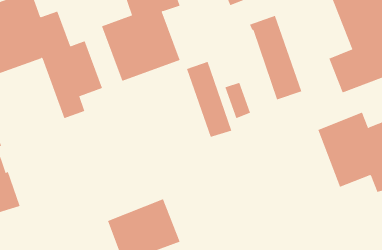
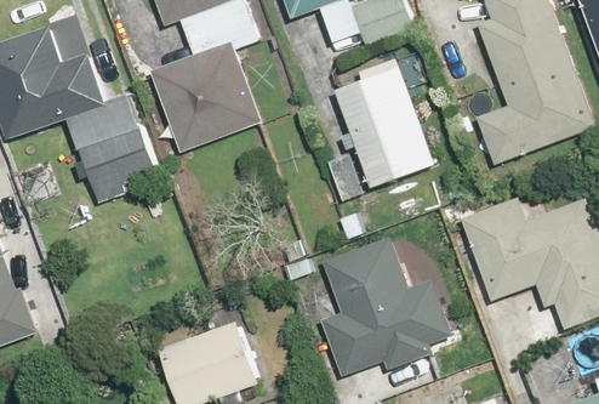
building: [186,61,232,138] -> [333,79,399,188]
building: none -> [323,237,452,379]

